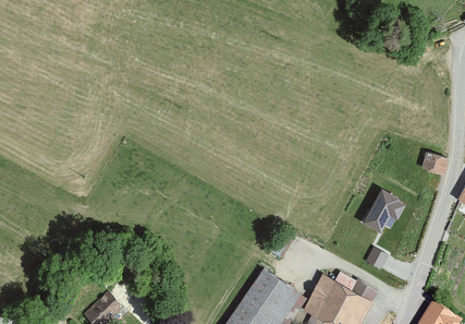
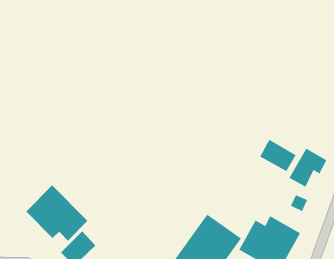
building: none -> [259,139,296,172]
building: none -> [25,185,88,242]

